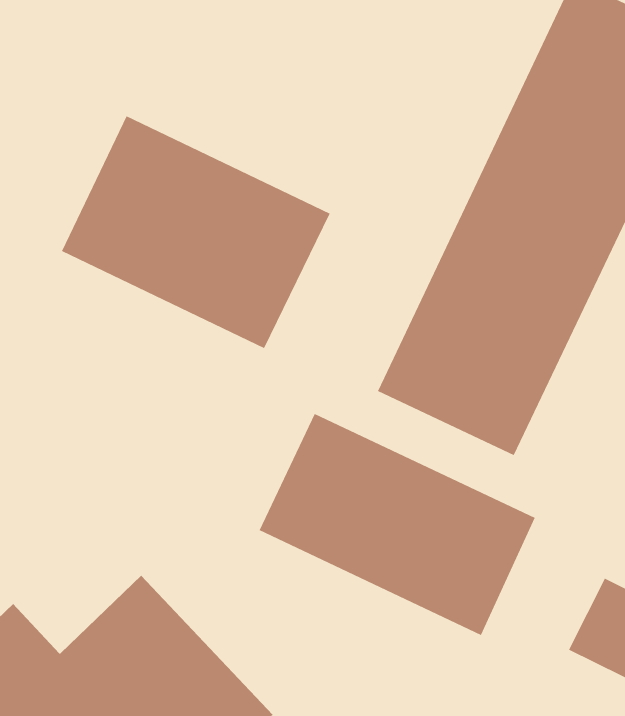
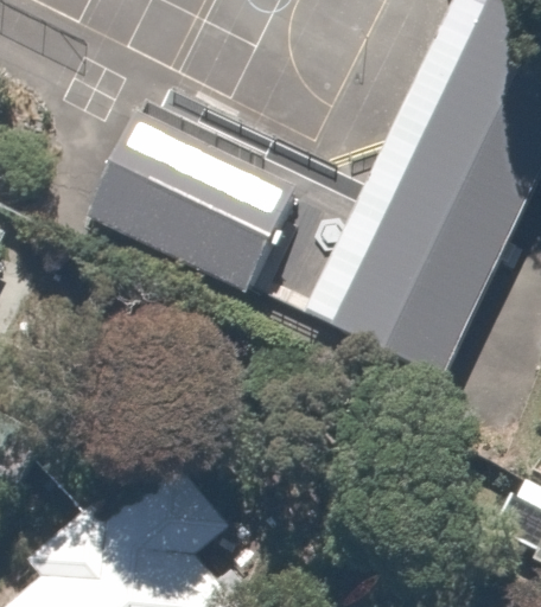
building: [259,413,536,636] -> none

